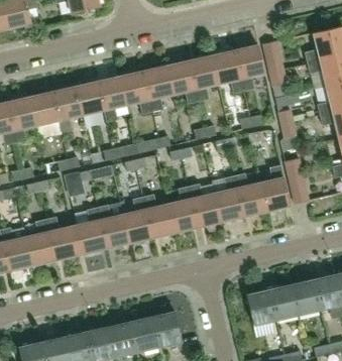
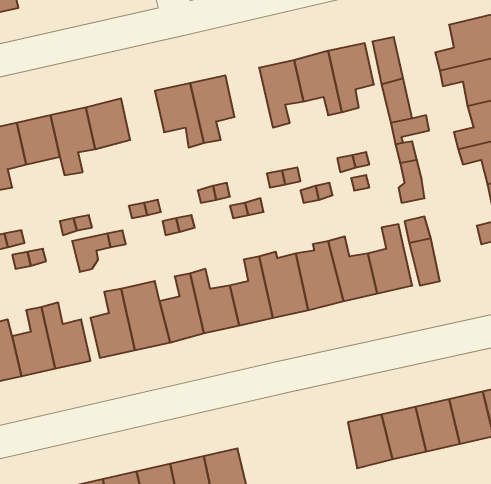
building: [166,62,198,103] -> none
building: [98,77,126,122] -> none

